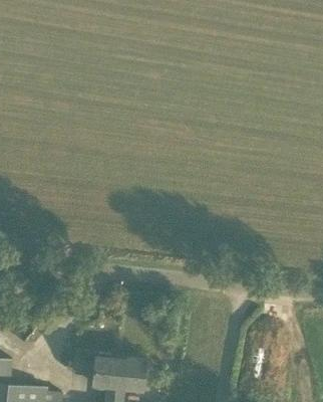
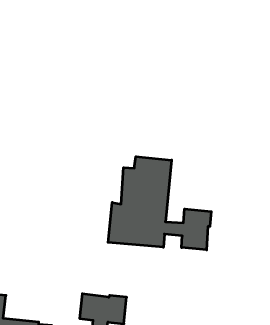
building: none -> [108,157,211,250]

